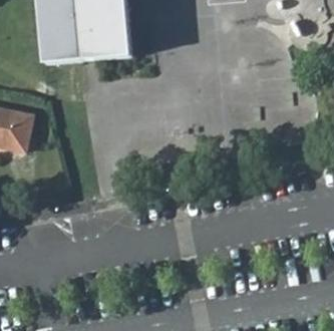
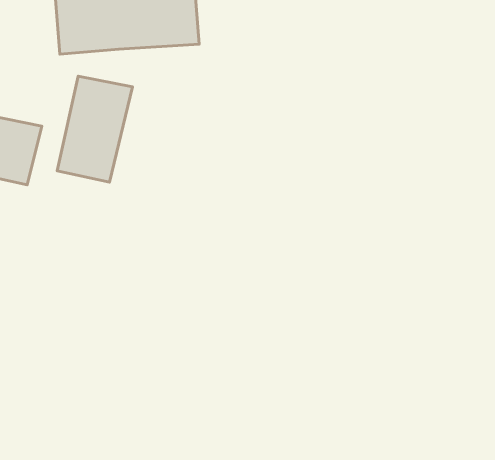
building: none -> [57,76,133,182]

